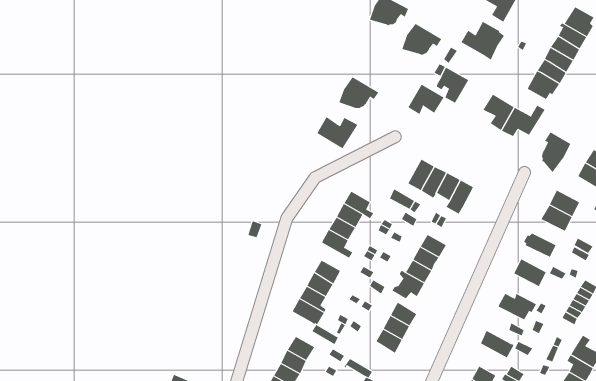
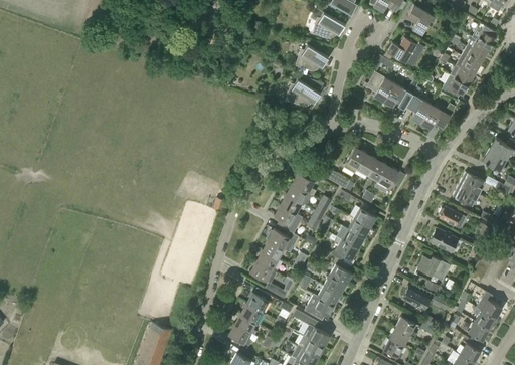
building: [402,23,442,55] -> [296,45,329,71]
building: [407,84,444,115] -> [383,83,413,109]
building: [316,116,358,149] -> none
building: [542,132,571,173] -> none
building: none -> [305,295,334,321]

